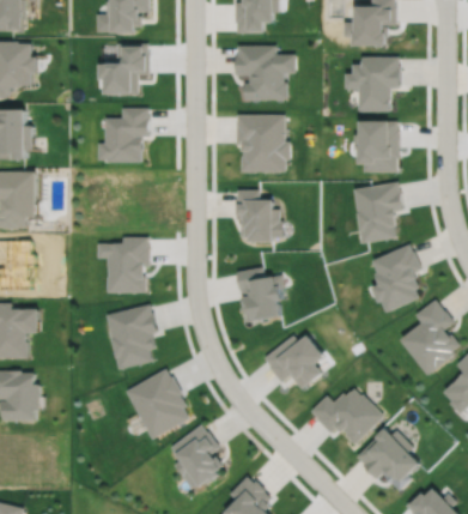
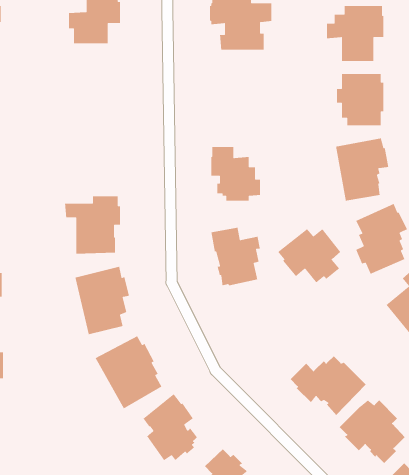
building: [97,108,150,162] -> none
building: [235,115,288,171] -> none
building: [263,337,324,389] -> [277,228,341,283]

